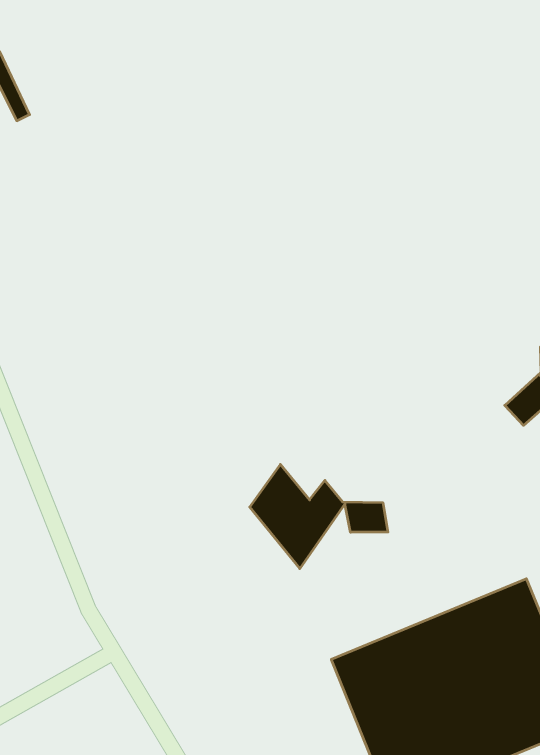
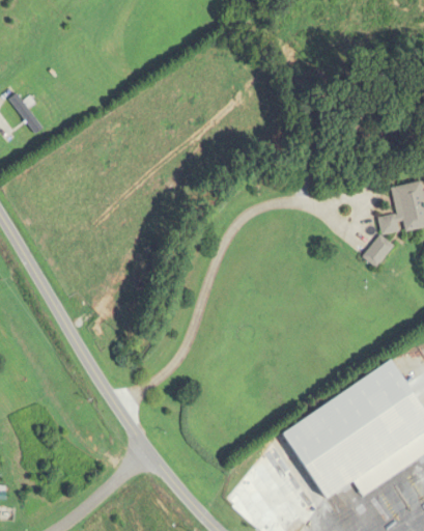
building: [250,464,388,569] -> none

